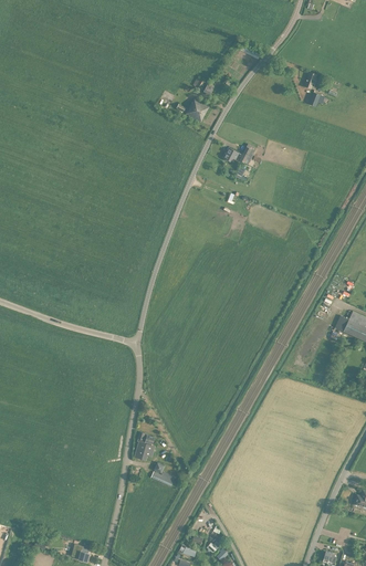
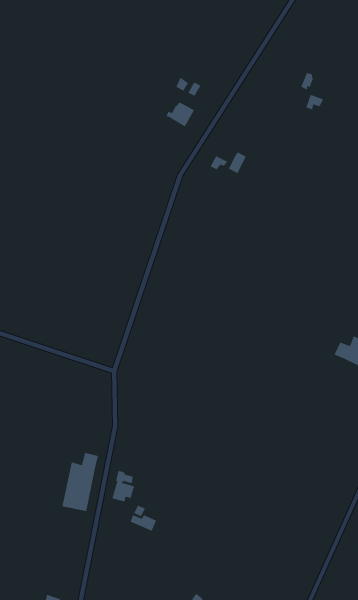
building: none -> [62,452,99,512]

